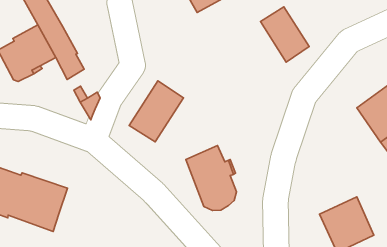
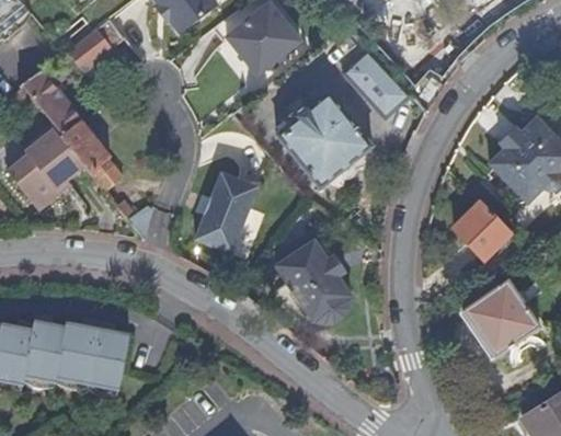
building: none -> [277,91,373,187]
building: none -> [454,200,511,257]

